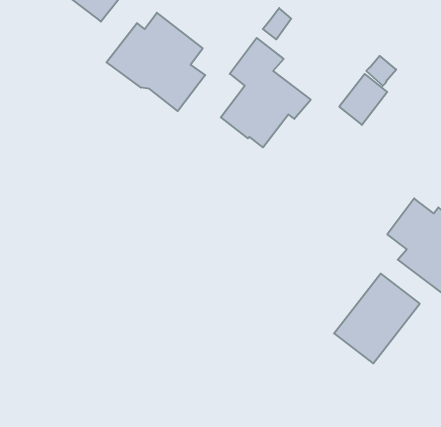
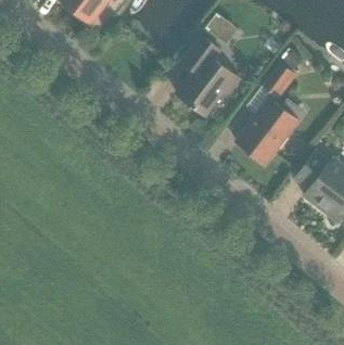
building: [106,13,205,111] -> none
building: [334,274,420,363] -> [238,100,300,165]

